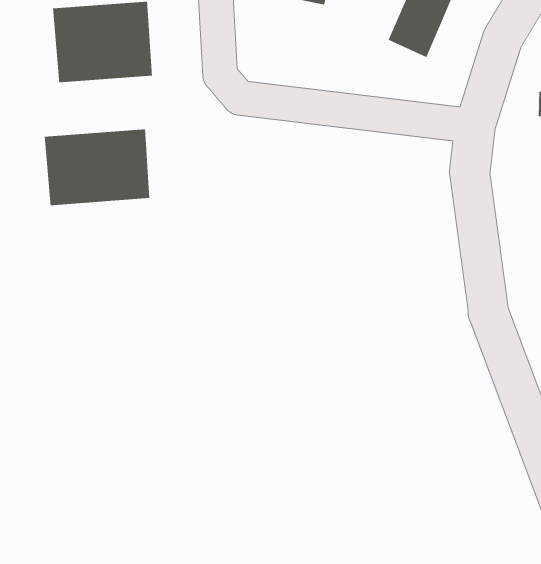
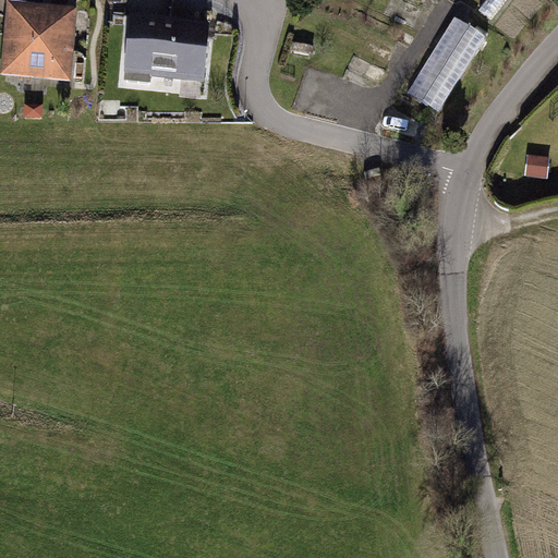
building: [44,129,150,206] -> none

